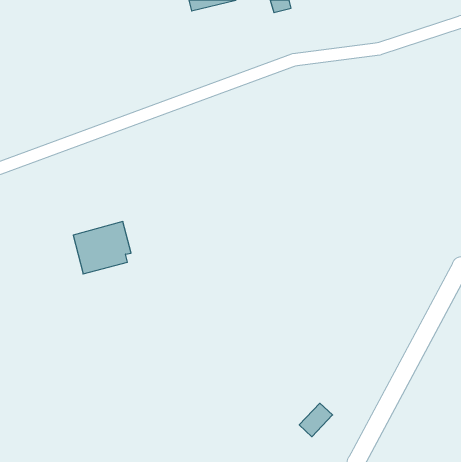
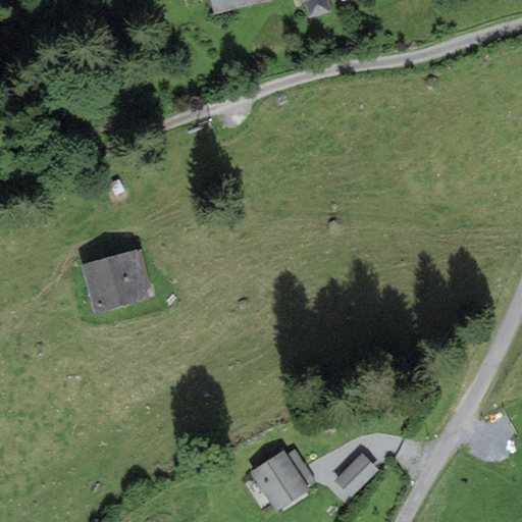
building: none -> [253,451,311,507]

